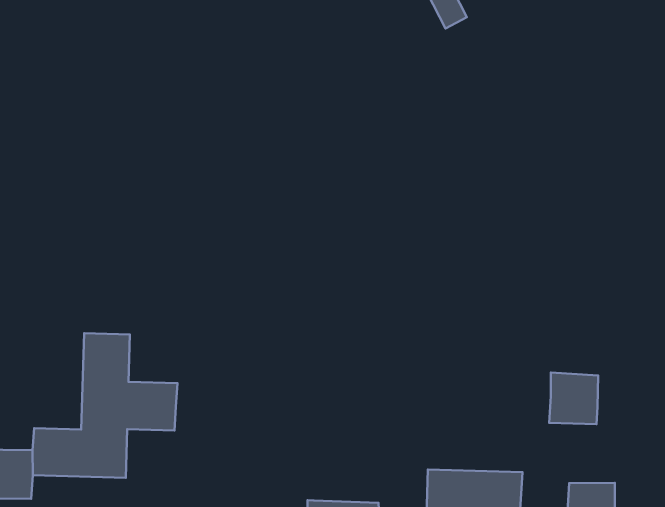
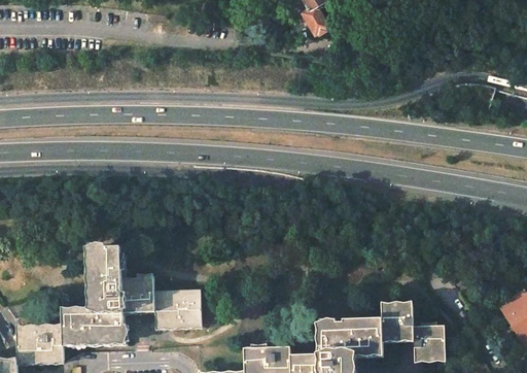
building: [549,372,598,424] -> [381,306,413,339]
building: none -> [153,292,201,325]

